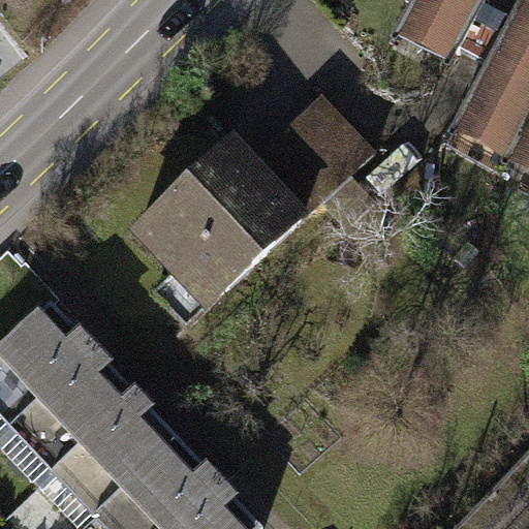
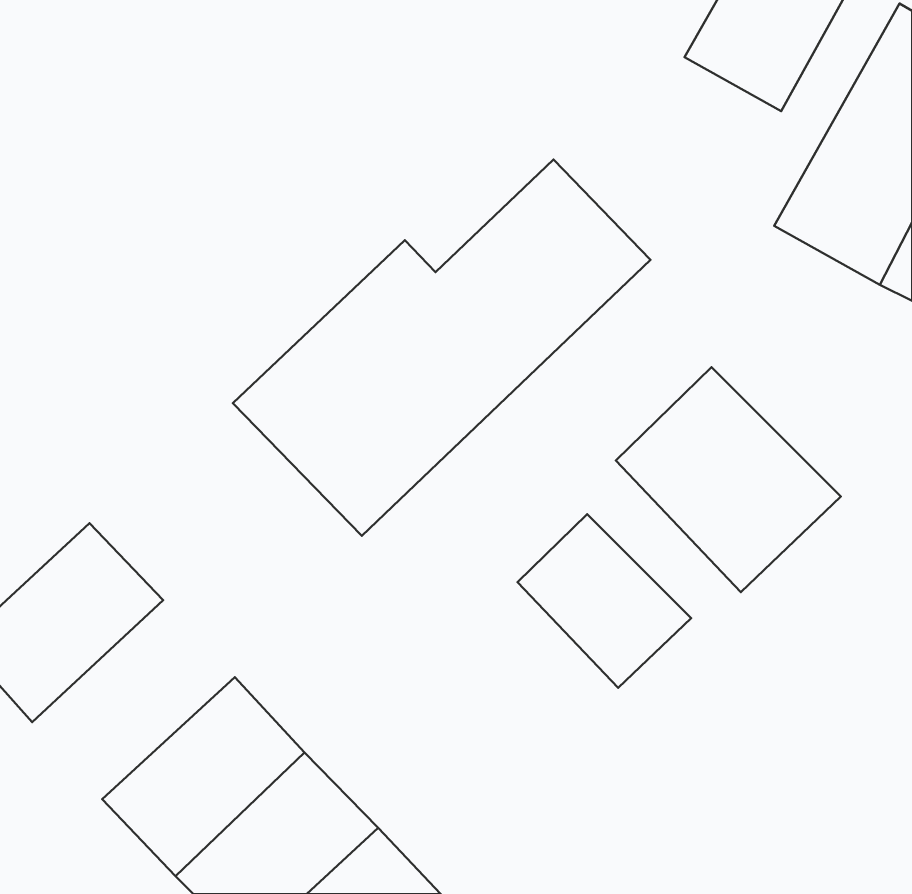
building: none -> [616,367,841,592]
building: none -> [517,514,691,688]
building: [19,346,135,461] -> none

